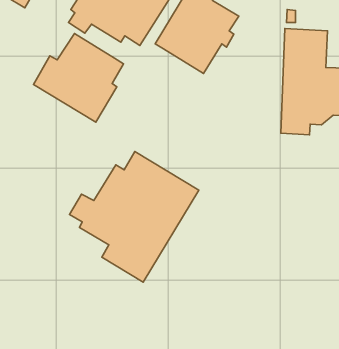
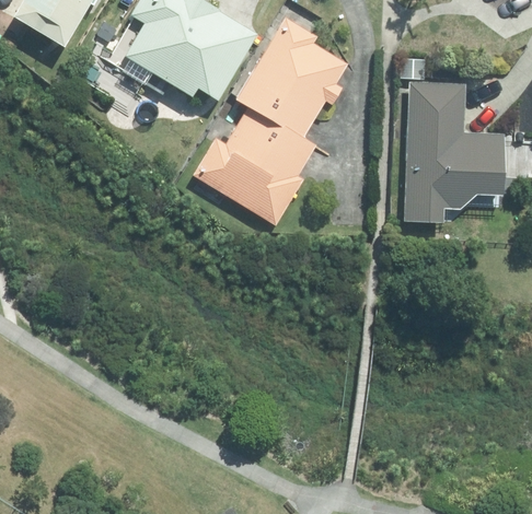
building: [33,34,124,122] -> [193,106,313,224]
building: [69,151,199,282] -> none

